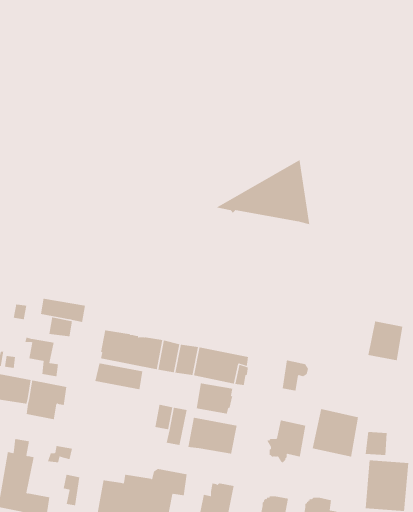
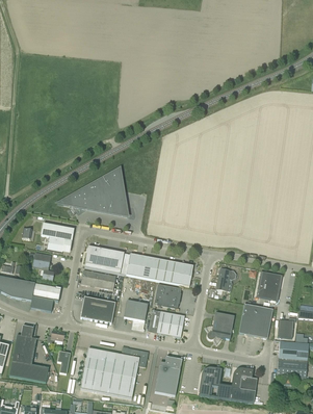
building: [216,159,310,225] -> [58,167,127,215]
building: [367,321,403,361] -> [256,270,282,300]
building: none -> [80,296,115,322]

